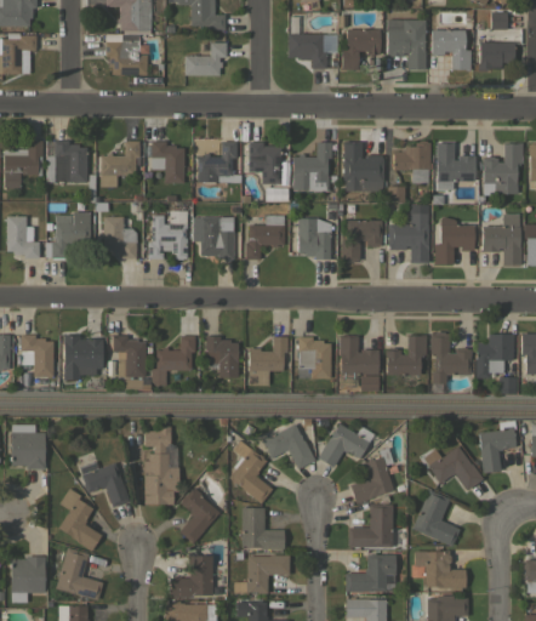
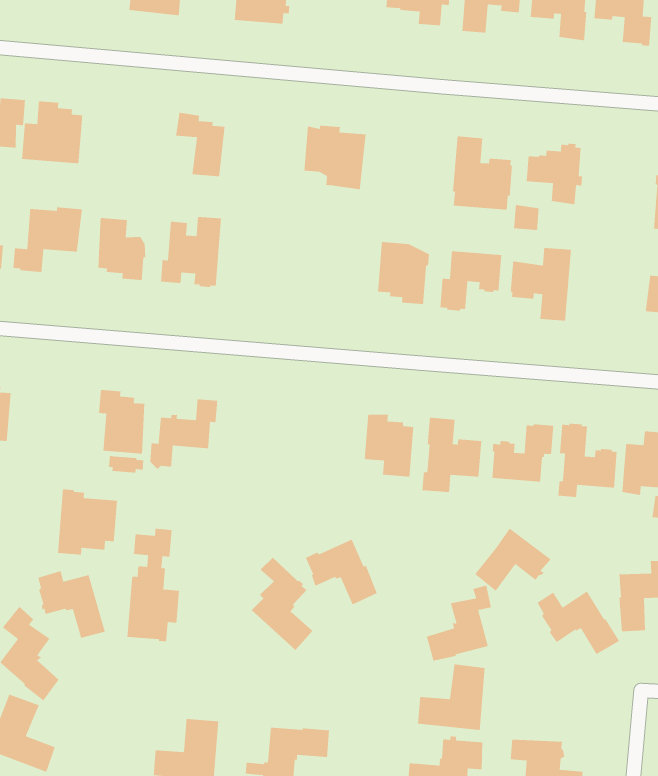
building: [102,141,141,180] -> none
building: [437,141,475,188] -> none
building: [199,142,238,184] -> none
building: [293,143,332,190] -> none
building: [246,215,285,260] -> none
building: [201,217,234,260] -> none
building: [435,217,474,266] -> none
building: [64,335,103,380] -> [57,489,118,556]
building: [206,336,239,377] -> none
building: [250,337,289,386] -> none
building: [318,423,370,468] -> [474,527,551,592]
building: [181,488,221,543] -> none
building: [412,490,460,547] -> none
building: [243,508,284,549] -> none

